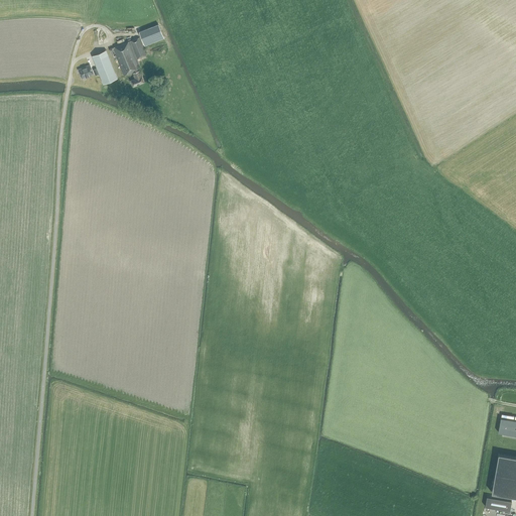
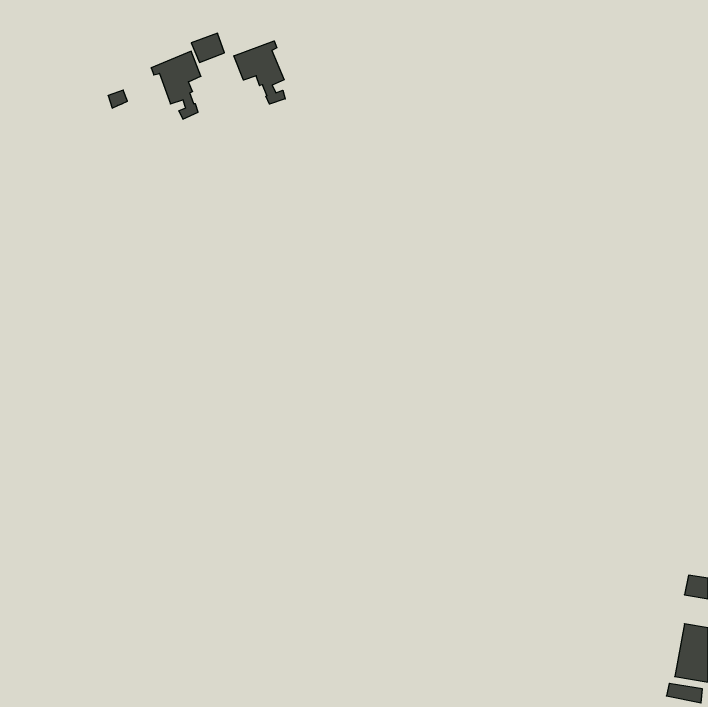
building: none -> [234,41,285,104]
building: [92,51,117,85] -> none

